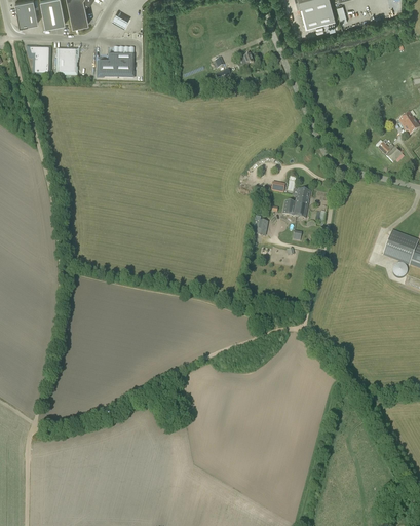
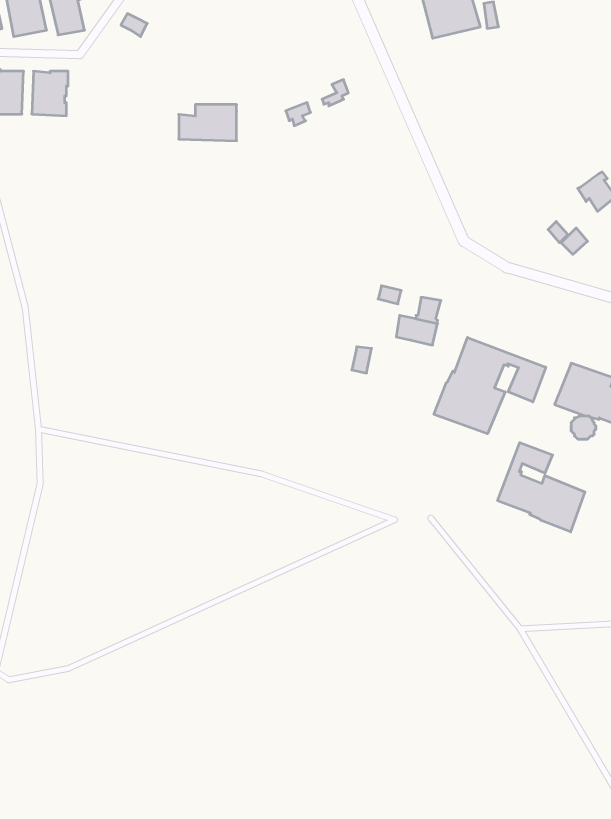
building: [97,53,132,76] -> [179,105,237,141]
building: none -> [434,337,546,434]
building: none -> [498,443,585,532]

